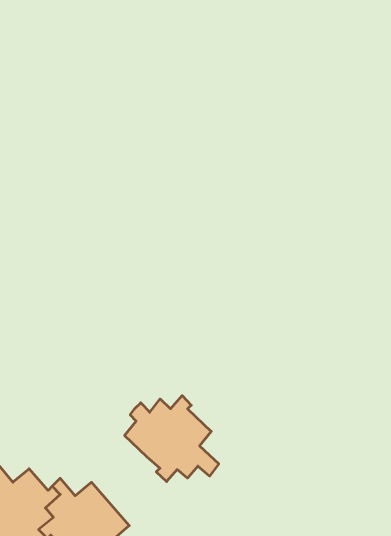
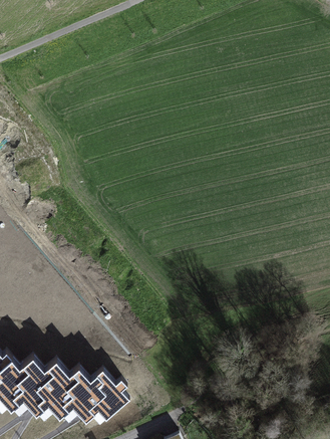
building: [125,396,219,482] -> none

